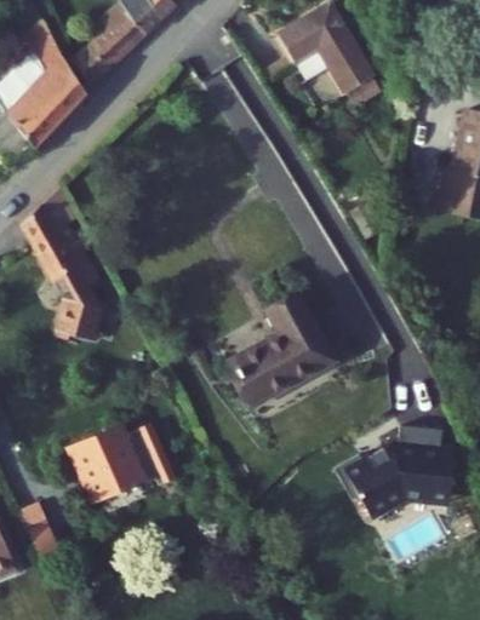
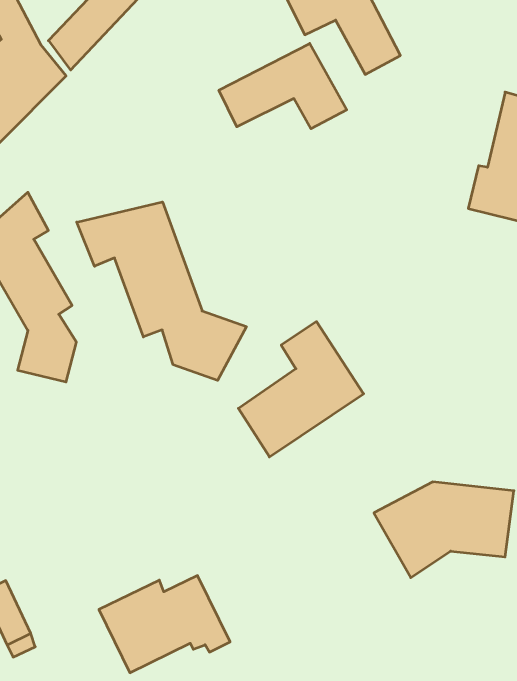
building: none -> [219,43,347,129]
building: none -> [77,202,246,380]
building: [72,430,179,510] -> [99,576,230,673]

